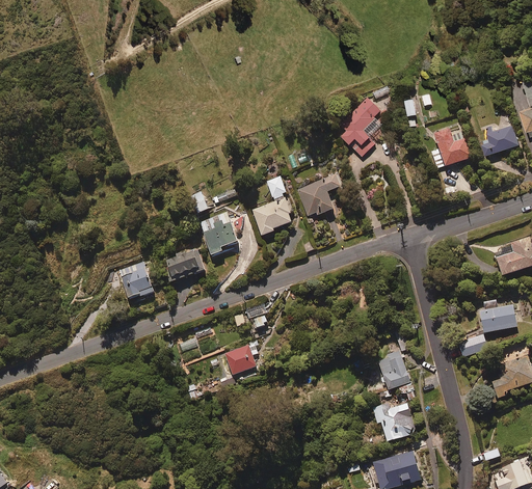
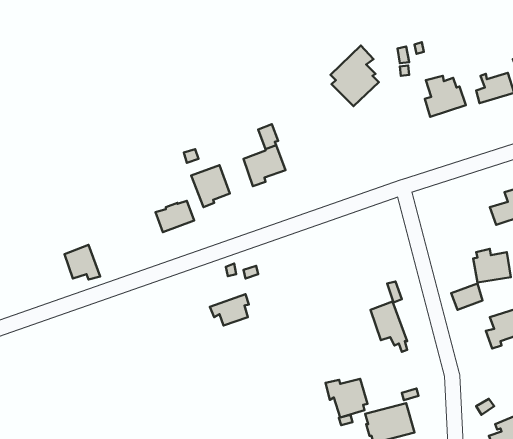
building: [297,172,341,215] -> none
building: [119,264,155,298] -> [64,245,100,279]
building: [373,402,415,440] -> [326,379,368,418]

